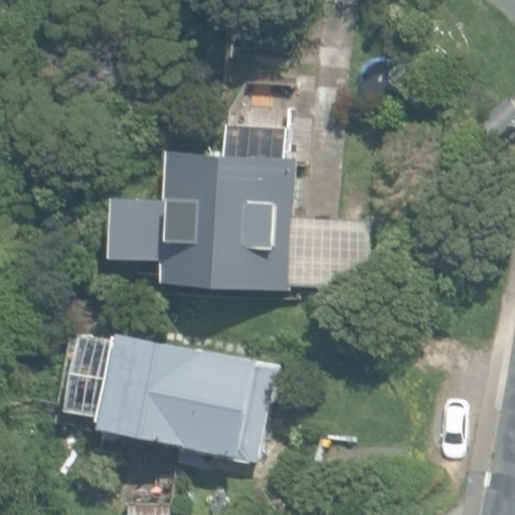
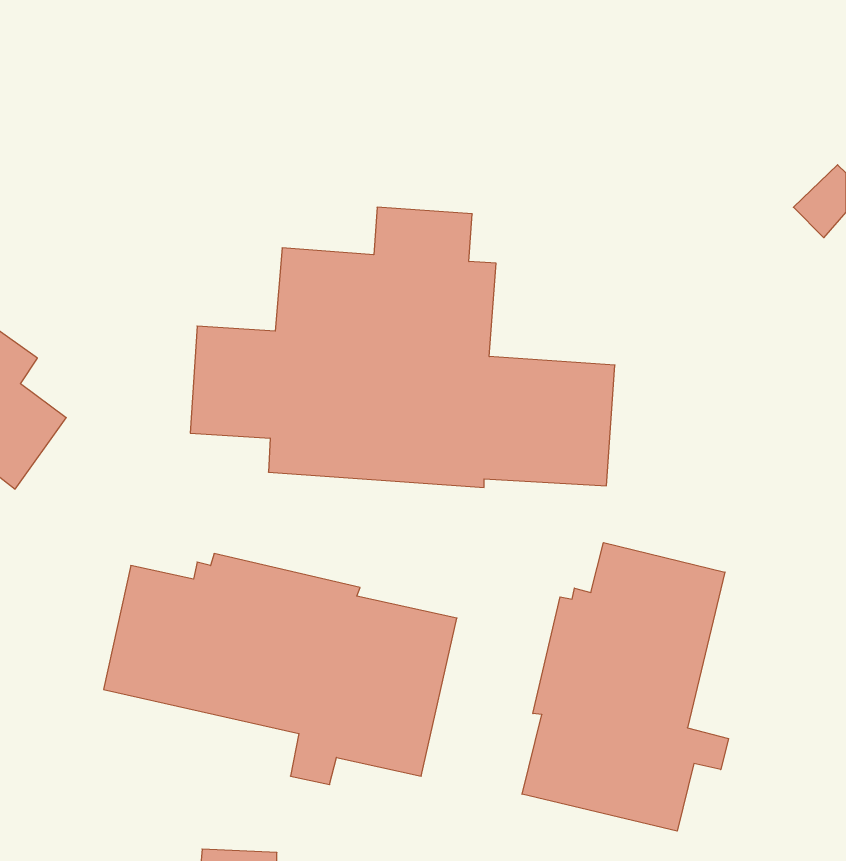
building: none -> [522,543,729,831]

